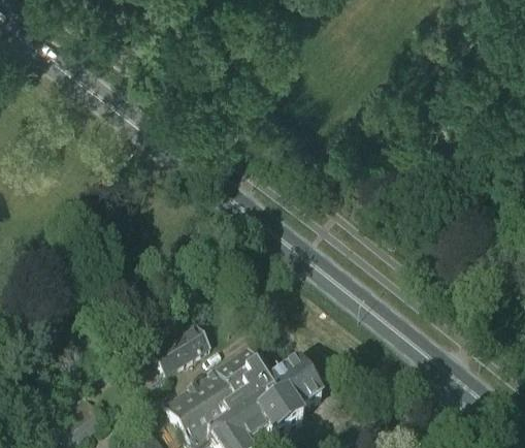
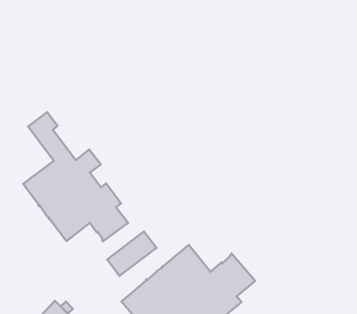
building: none -> [23,112,128,241]

